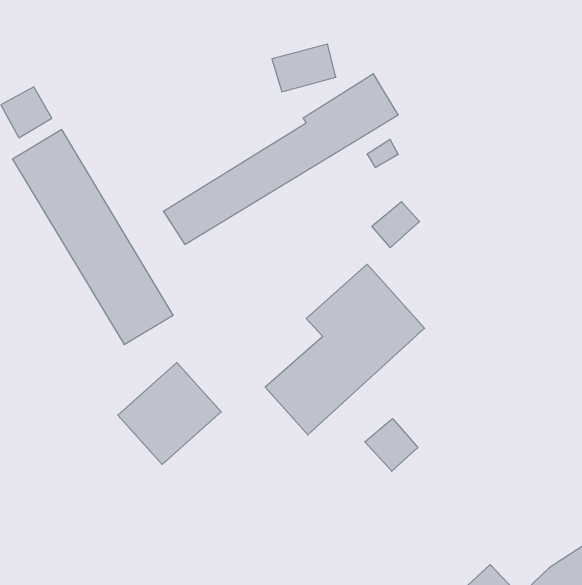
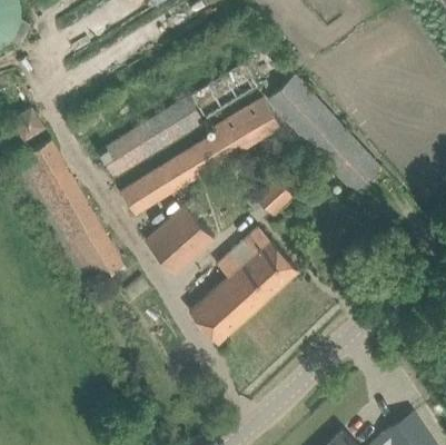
building: none -> [268,75,379,191]
building: none -> [98,96,204,176]
building: [118,363,221,464] -> [145,205,215,274]
building: [365,419,418,471] -> none

